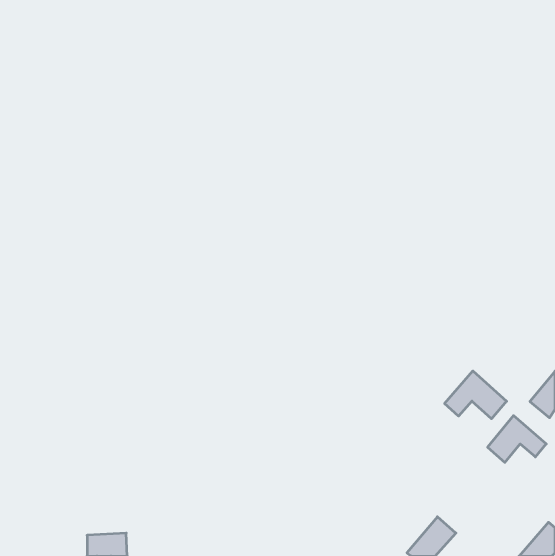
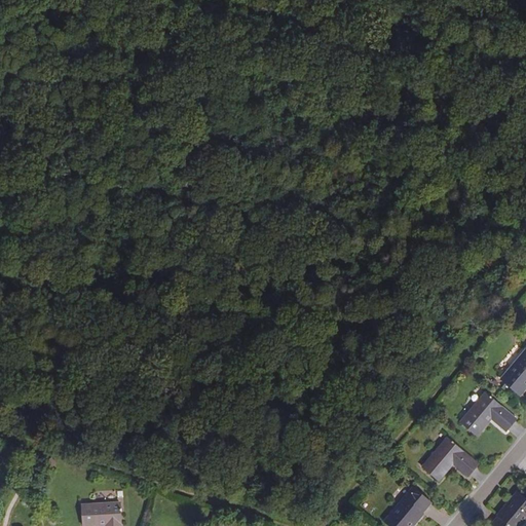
building: [445,371,507,419] -> none
building: none -> [422,438,478,481]

